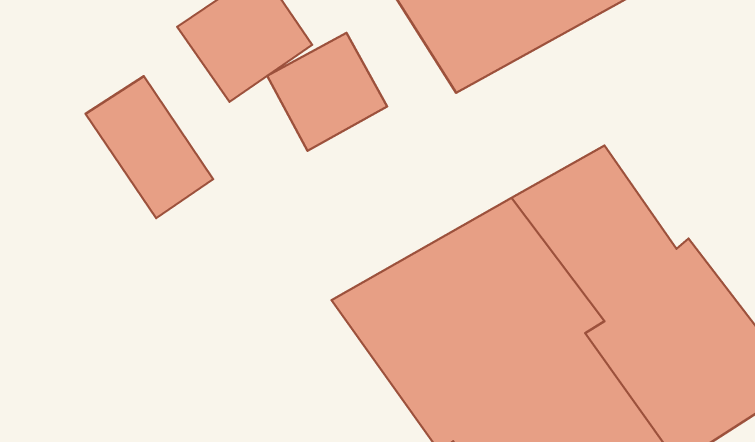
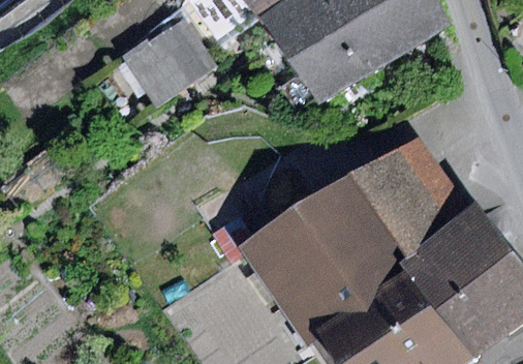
building: [267,33,387,151] -> none
building: [85,76,213,218] -> none

